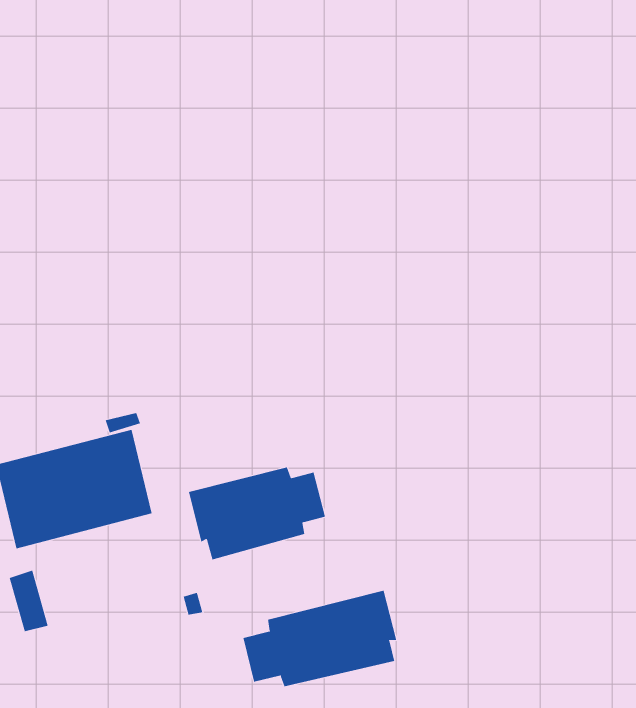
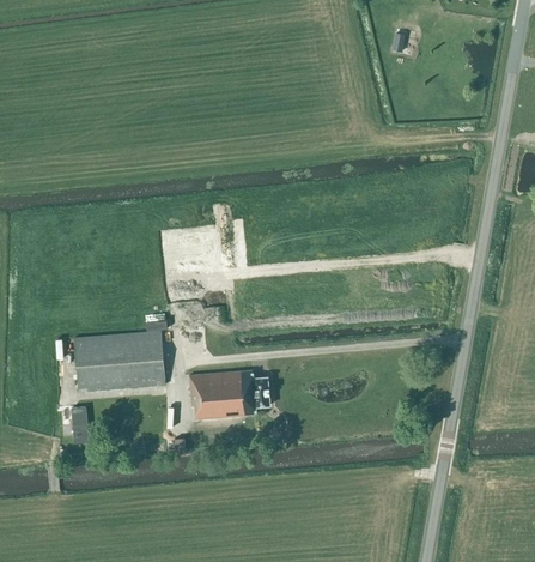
building: [243,590,397,687] -> none

